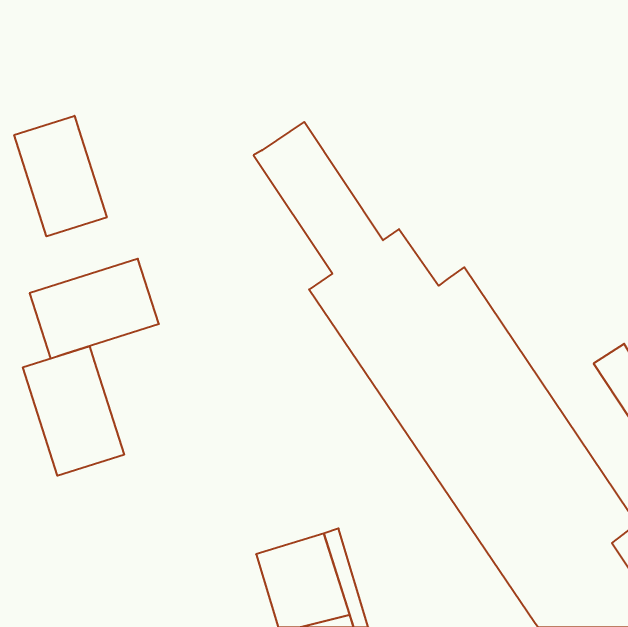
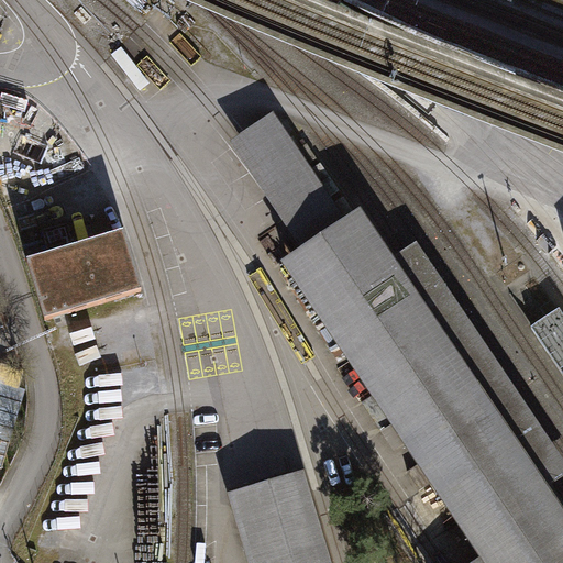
building: [14,116,107,236] -> none
building: [23,346,124,476] -> none

